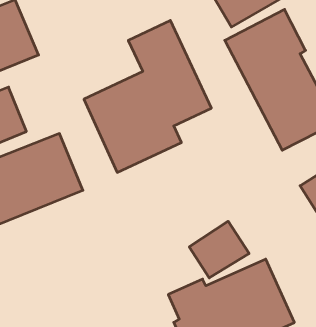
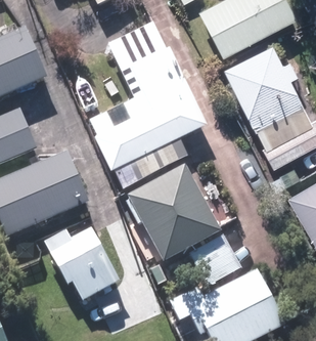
building: none -> [130,167,217,260]
building: none -> [45,225,133,303]

